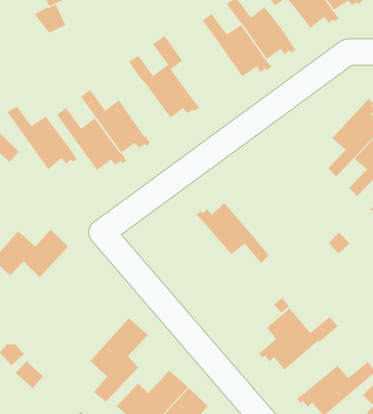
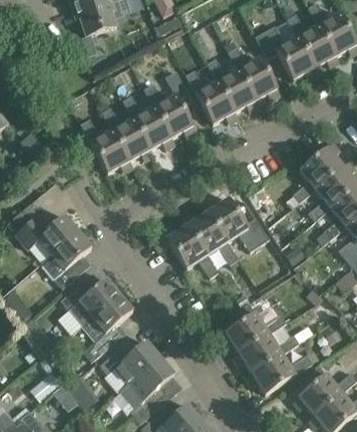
building: none -> [186,69,238,124]
building: [7,106,77,169] -> [122,95,174,150]
building: none -> [203,198,269,250]
building: none -> [162,224,218,277]
building: none -> [40,231,91,287]
building: none -> [57,278,118,335]
building: none -> [232,333,299,373]

